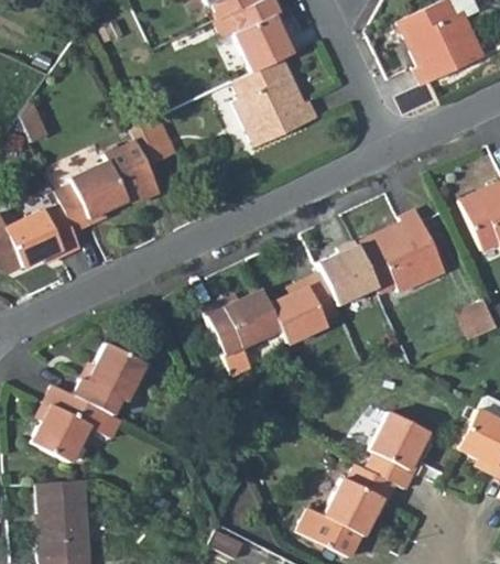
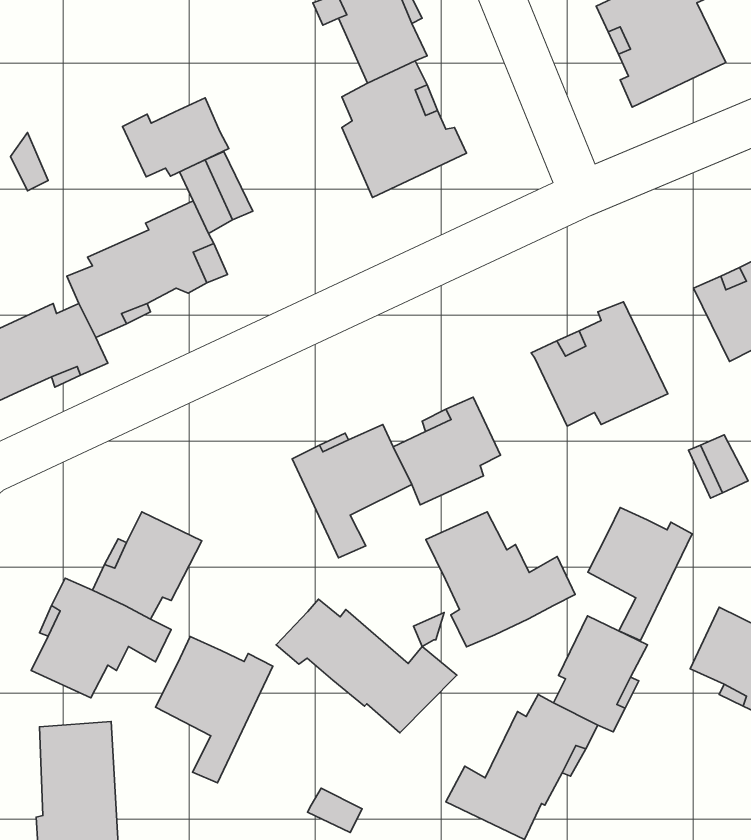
building: none -> [122,98,229,177]
building: [323,246,379,306] -> none
building: none -> [588,507,692,641]
building: none -> [426,512,575,647]
building: none -> [276,599,457,733]
building: none -> [156,637,273,783]

